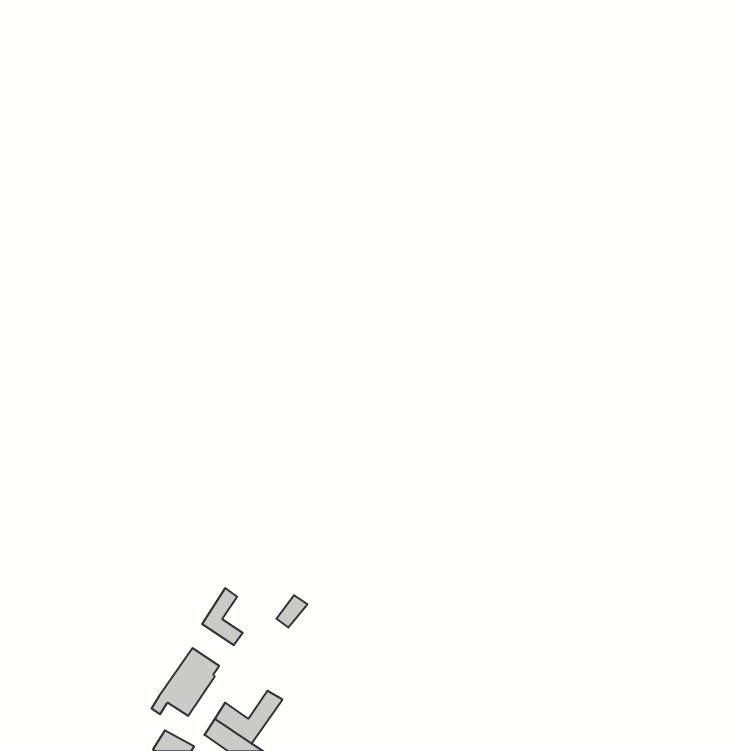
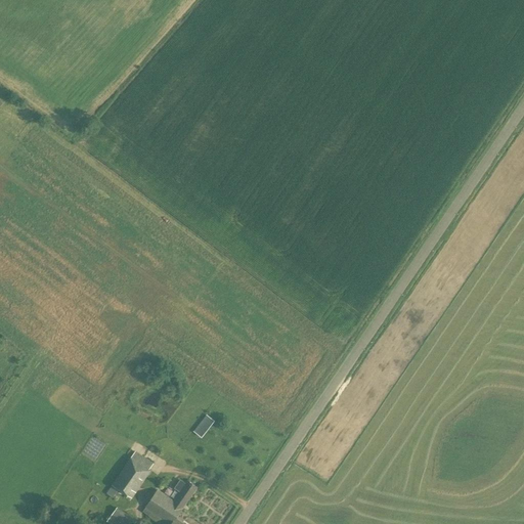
building: [202,588,243,645] -> none

